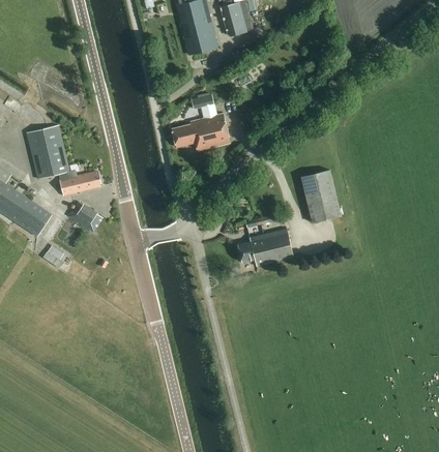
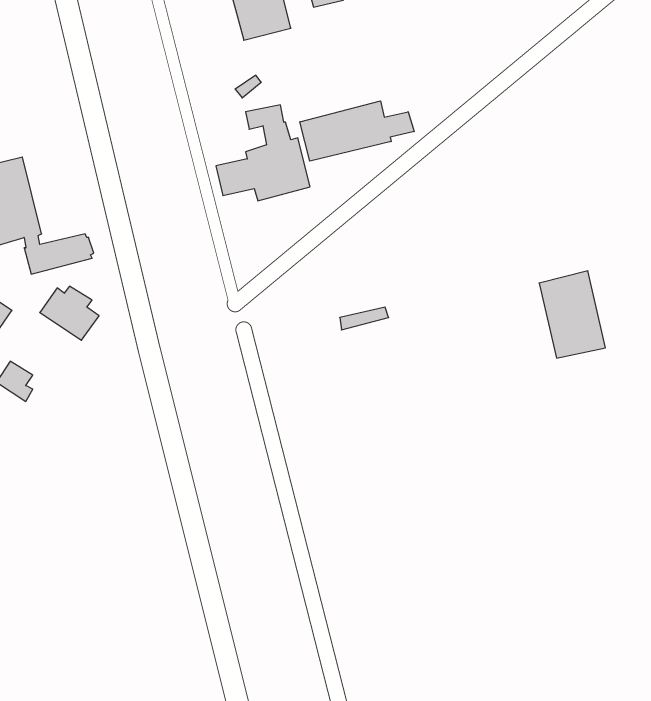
building: none -> [300,101,414,161]
building: [301,170,341,221] -> [539,271,605,358]
building: [239,228,293,264] -> none

